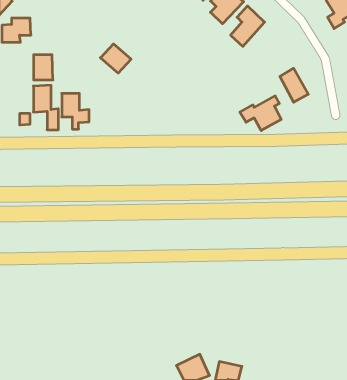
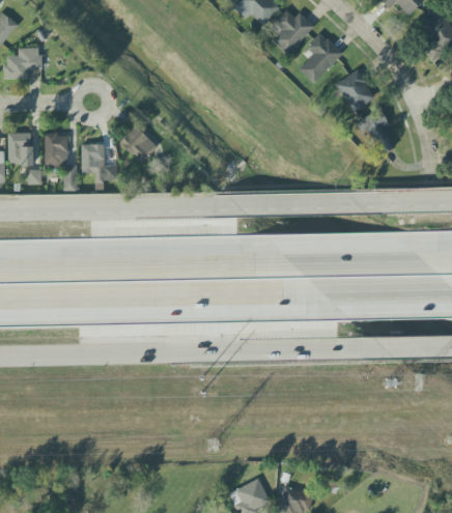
building: none -> [338,68,375,110]
building: [100,44,131,73] -> [118,124,158,162]
building: [34,55,53,80] -> [8,132,33,164]
building: [240,96,281,131] -> none

